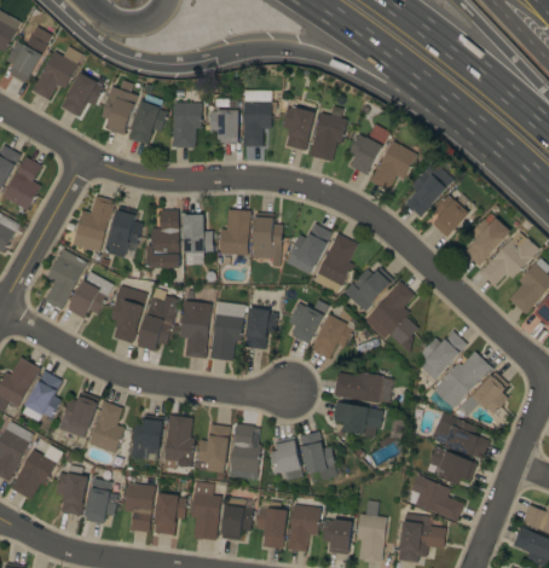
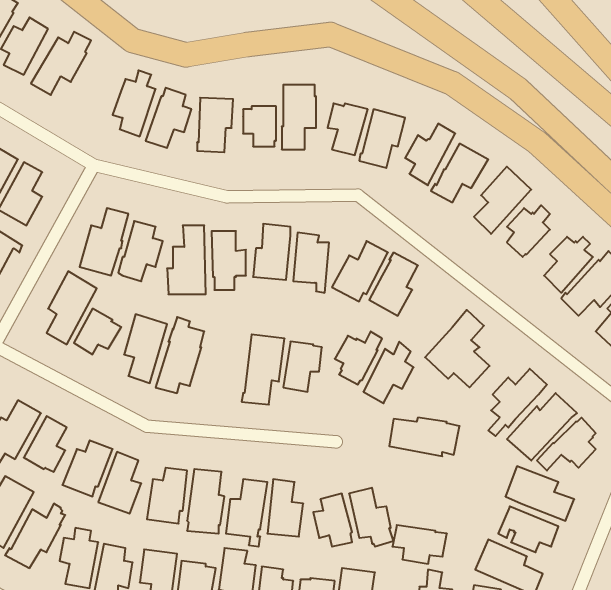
building: [60,73,104,117] -> none
building: [343,267,394,312] -> none
building: [179,299,210,359] -> none
building: [333,402,378,435] -> [392,525,447,564]

